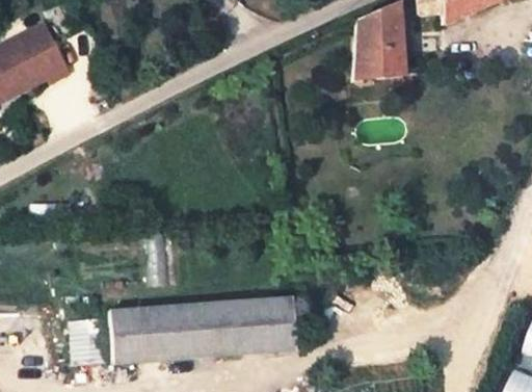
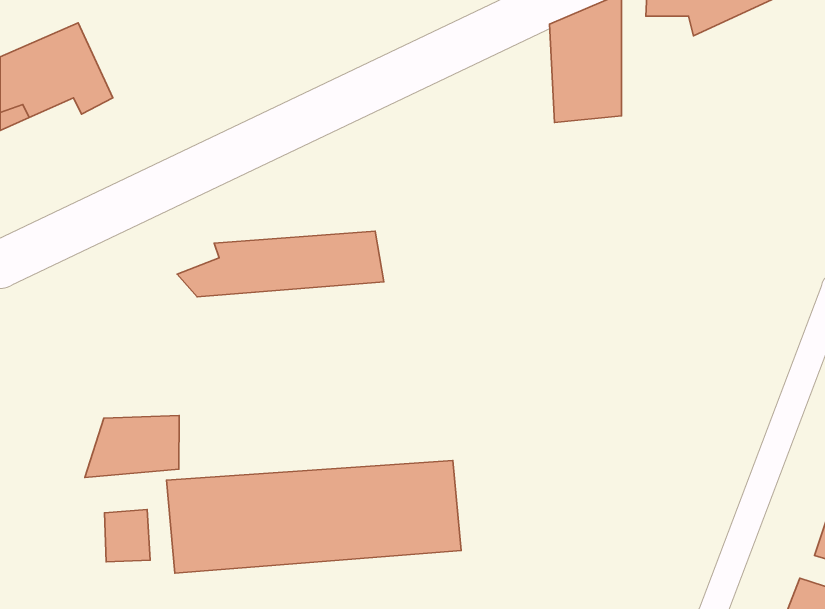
building: none -> [177,231,384,297]
building: none -> [85,415,179,477]

